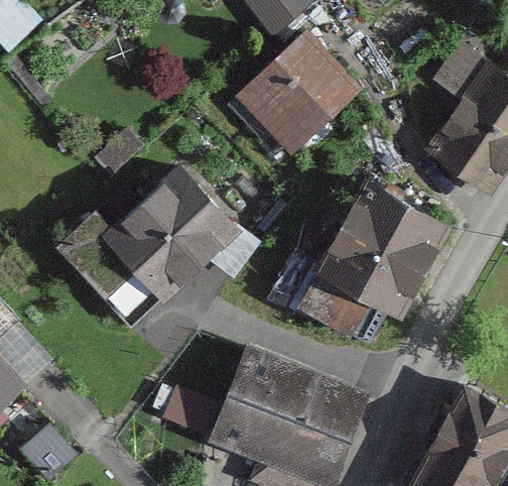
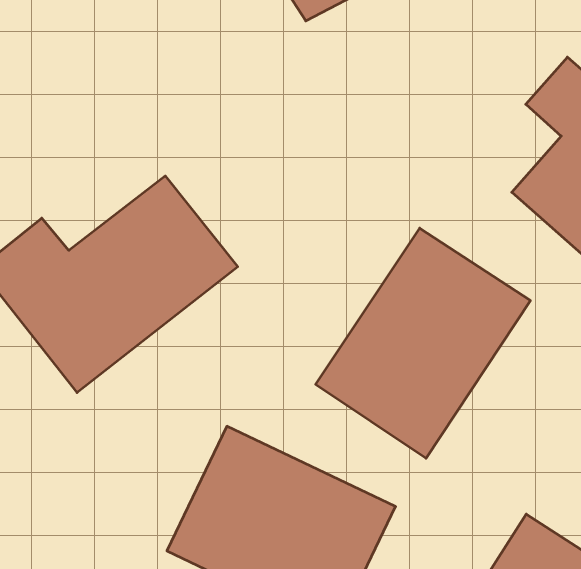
building: [238,30,366,156] -> none

